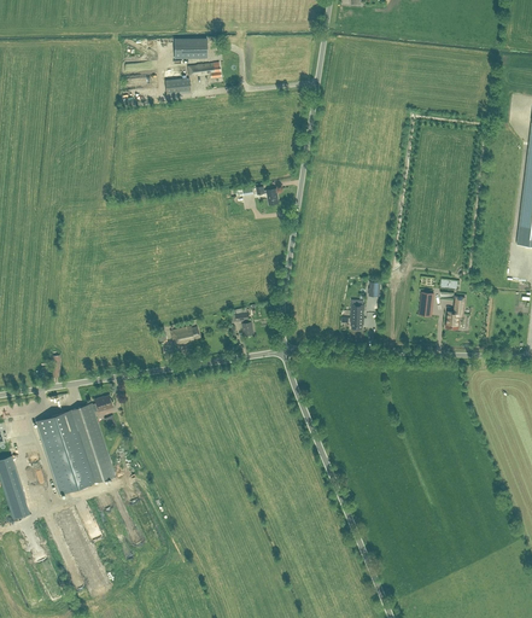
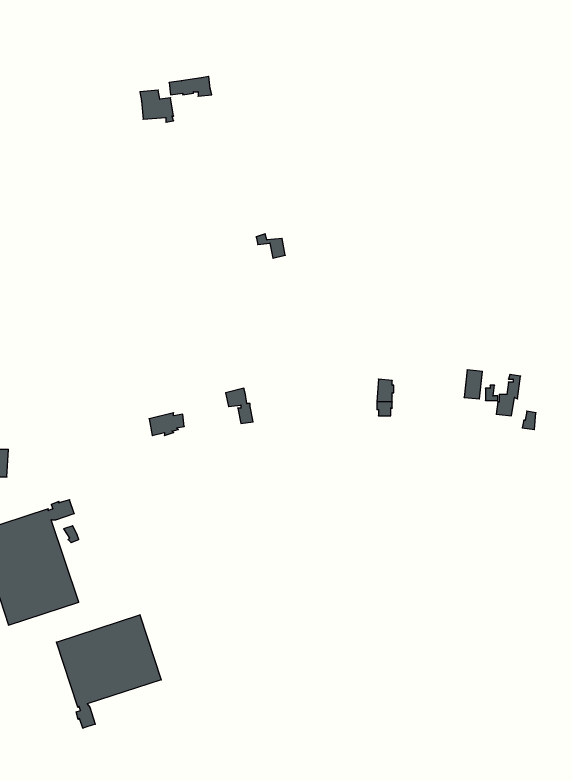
building: [174,39,207,58] -> none
building: none -> [56,615,161,728]

